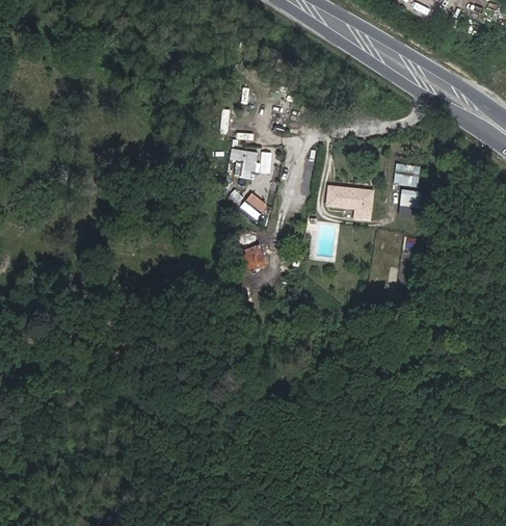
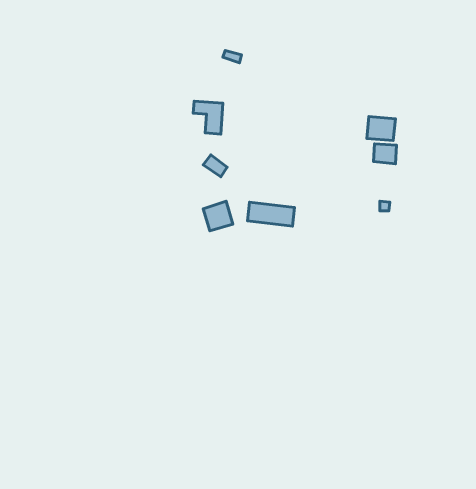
building: [328,187,373,210] -> [247,202,295,226]

